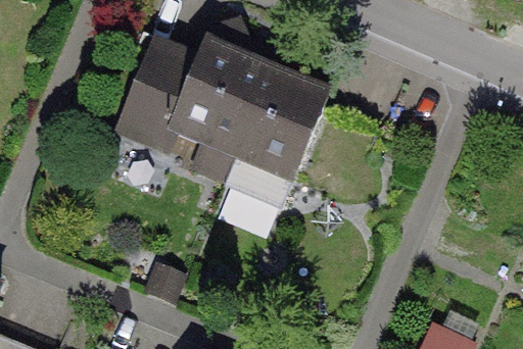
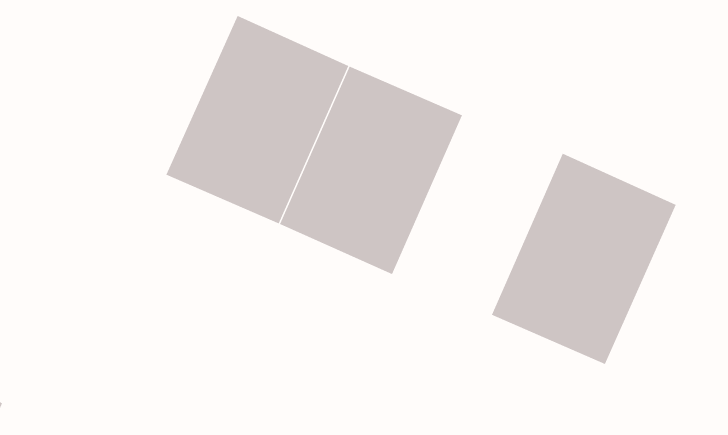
building: none -> [491,153,676,365]

